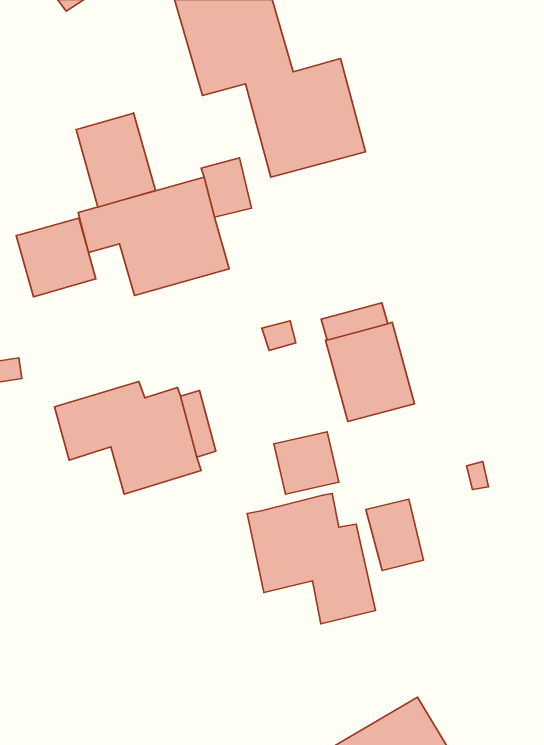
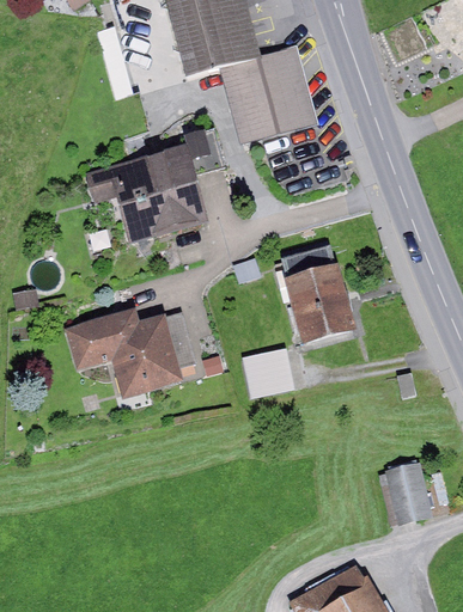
building: [76,113,155,207] -> none
building: [16,218,96,297] -> none
building: [247,493,375,624] -> none
building: [366,499,424,570] -> [385,464,432,521]

